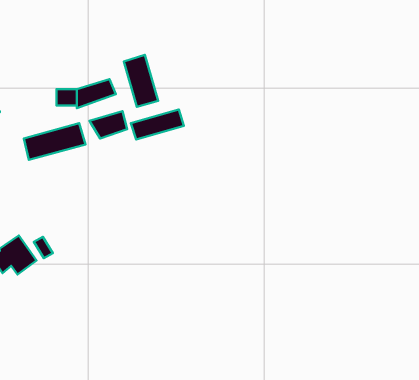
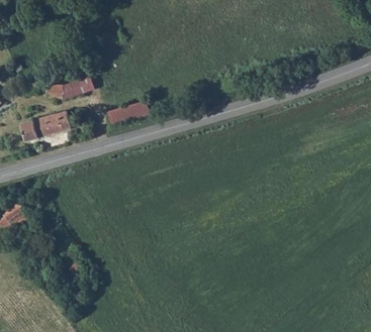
building: [124,55,158,107] -> none
building: [90,111,127,139] -> none

